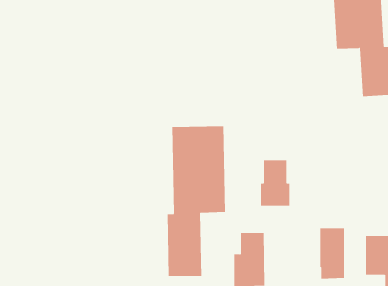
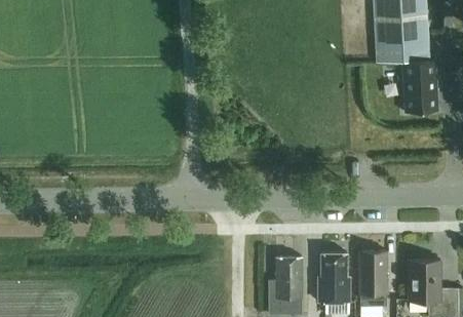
building: [167,126,226,277] -> none
building: [260,160,290,206] -> [318,253,350,303]

